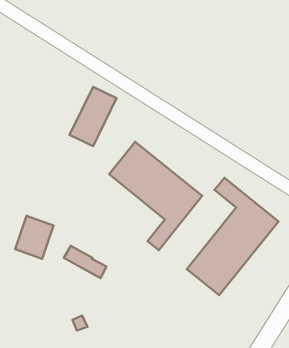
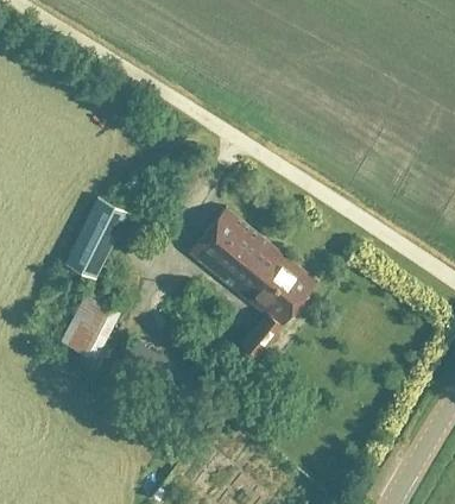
building: [70,87,117,146] -> [64,197,128,278]
building: [187,178,278,295] -> none

